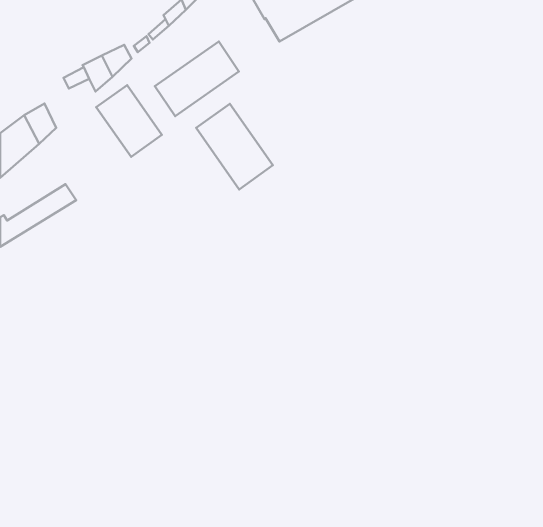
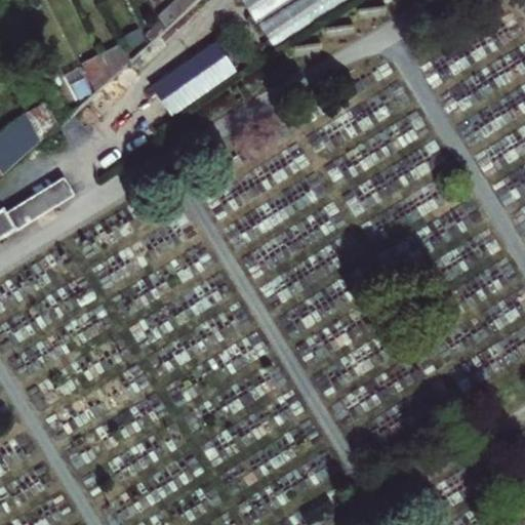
building: [96,85,162,157] -> none
building: [196,104,273,189] -> none

